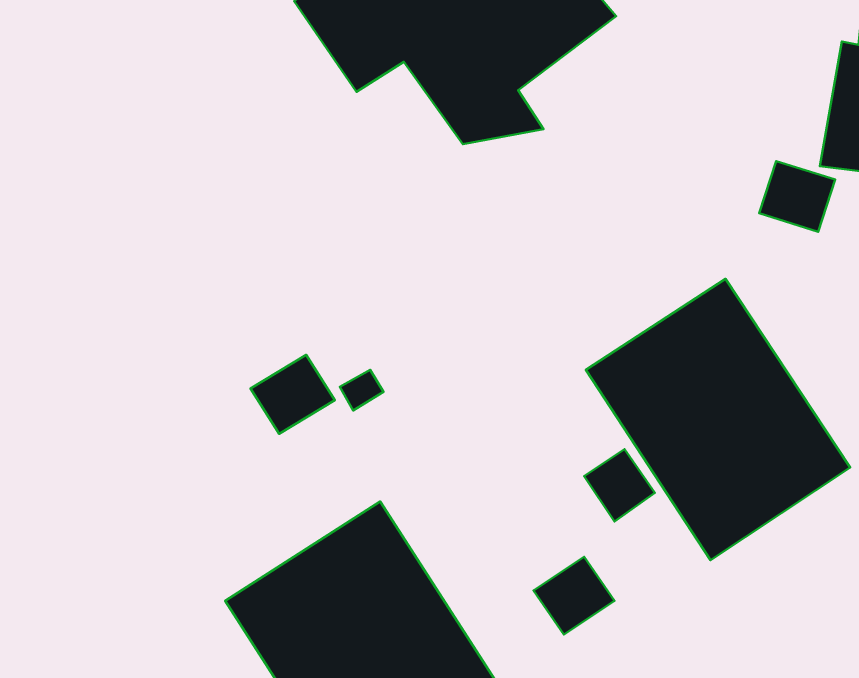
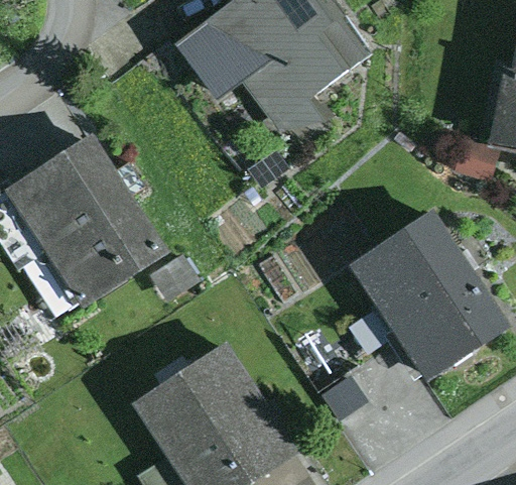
building: none -> [8,131,169,306]

